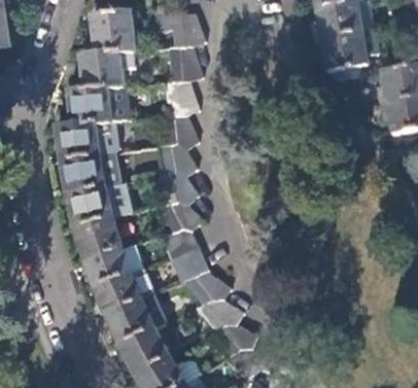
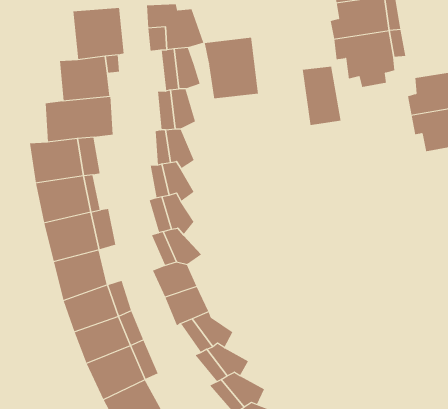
building: none -> [204,37,258,99]
building: none -> [302,66,341,126]

